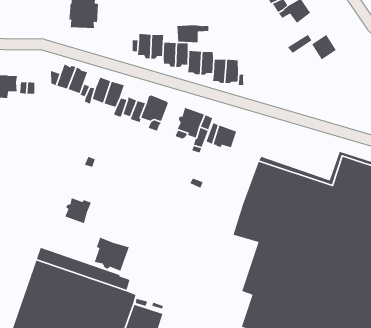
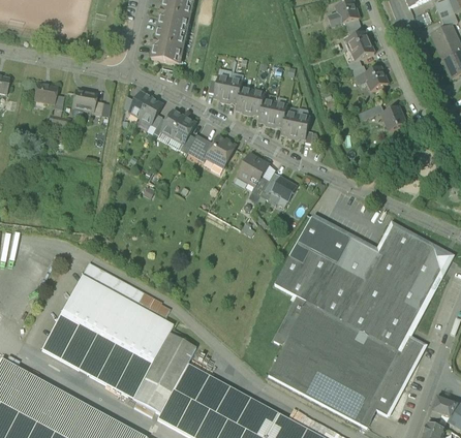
building: [176,24,209,43] -> none
building: [64,195,92,224] -> none
building: [91,237,130,272] -> none

